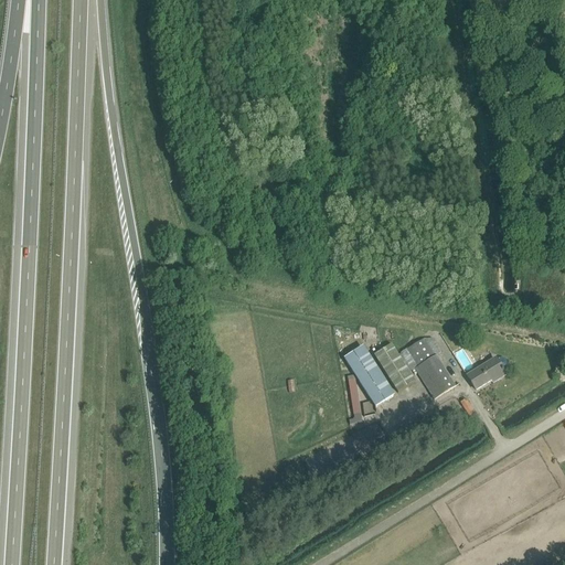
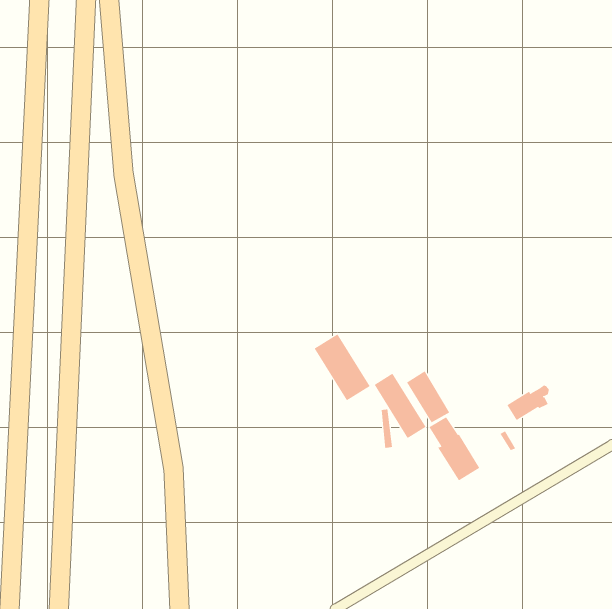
building: none -> [314,333,371,401]
building: [407,337,455,396] -> [429,416,480,481]

